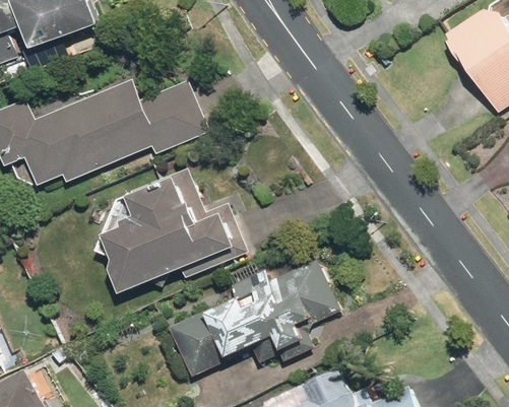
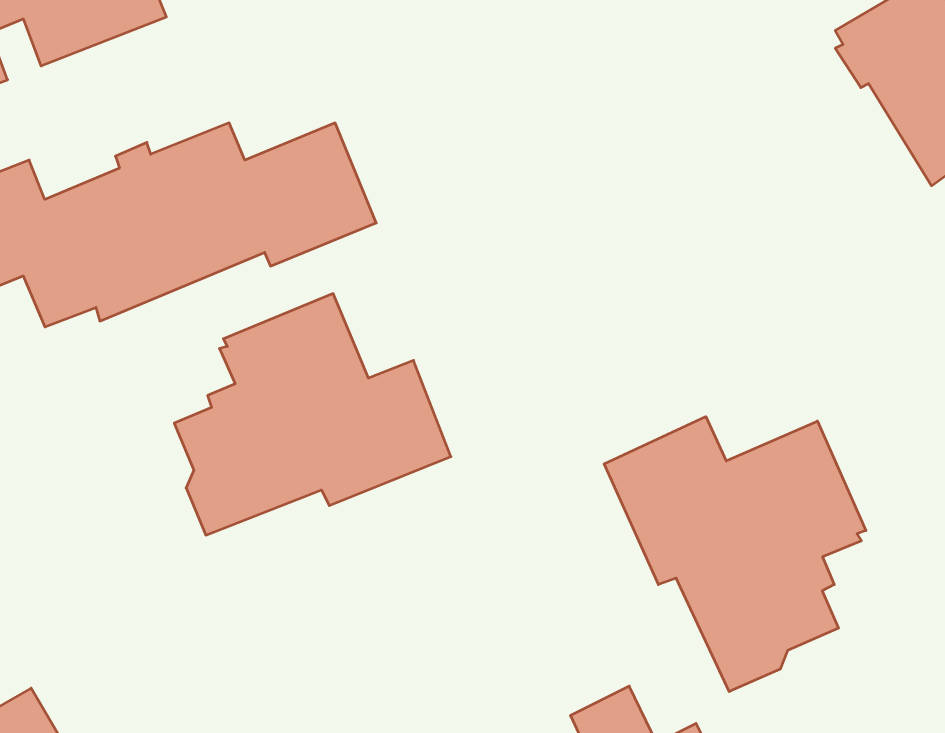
building: none -> [604,417,866,692]
building: [167,260,336,377] -> none

